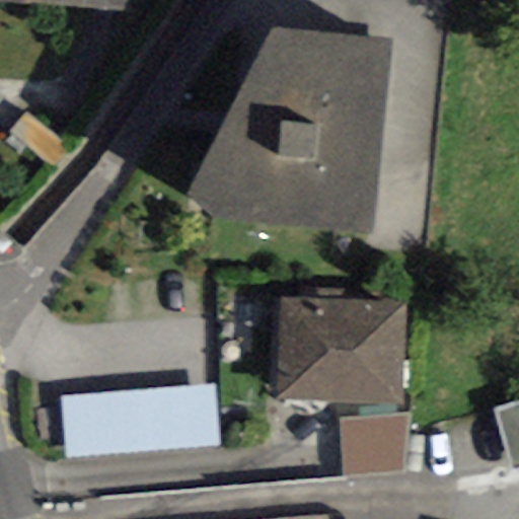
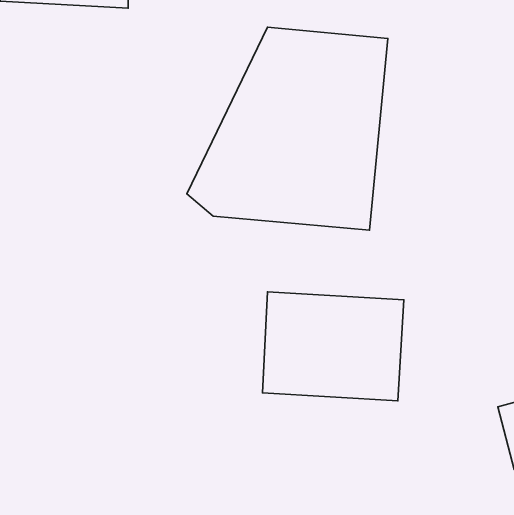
building: [64,381,221,457] -> none
building: [342,415,412,474] -> none

